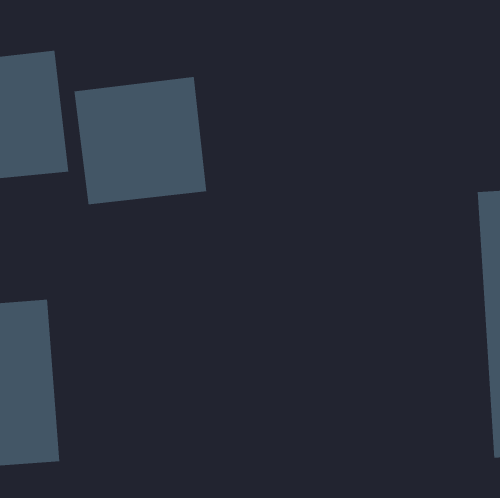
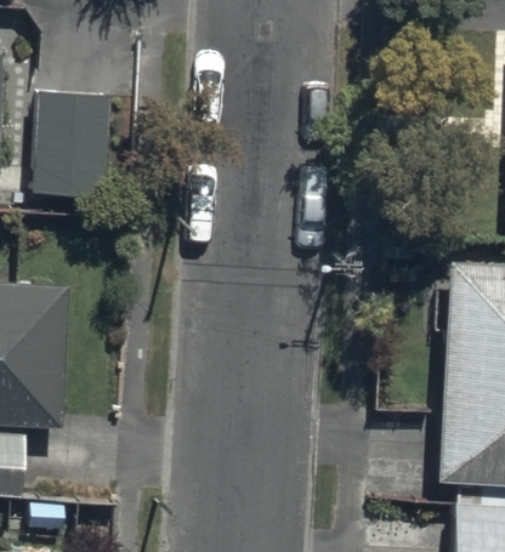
building: [74,76,207,205] -> none

